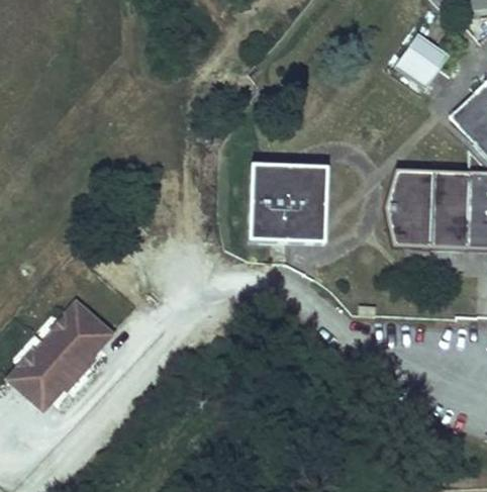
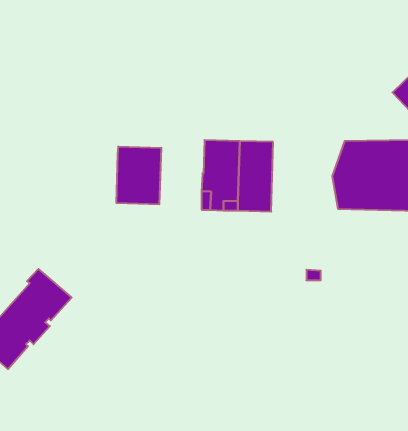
building: [395,33,450,89] -> none
building: none -> [116,146,161,204]

